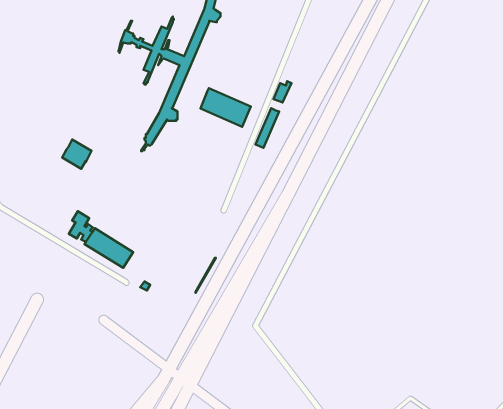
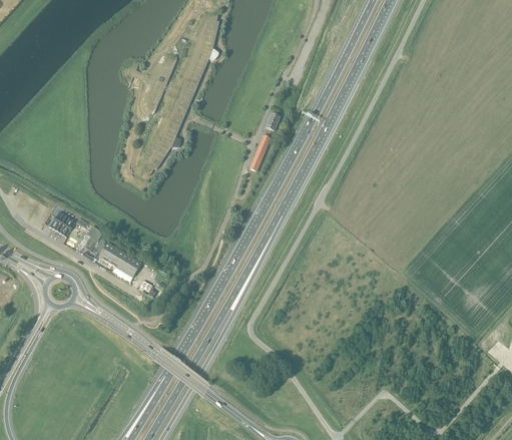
building: [200,88,251,127] -> none
building: [62,139,91,169] -> [49,209,75,236]

